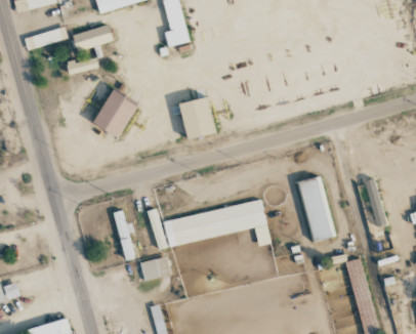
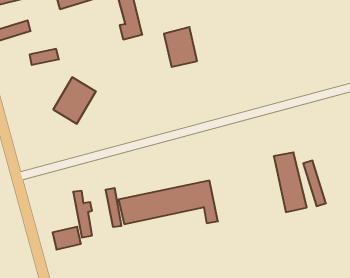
building: [73,26,113,49] -> none
building: [178,95,214,138] -> [164,27,197,67]
building: [299,176,335,241] -> [274,152,307,212]
building: [140,255,171,280] -> [53,227,81,250]

